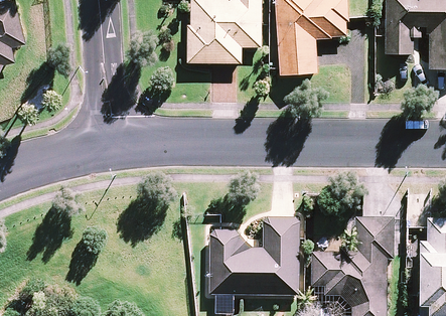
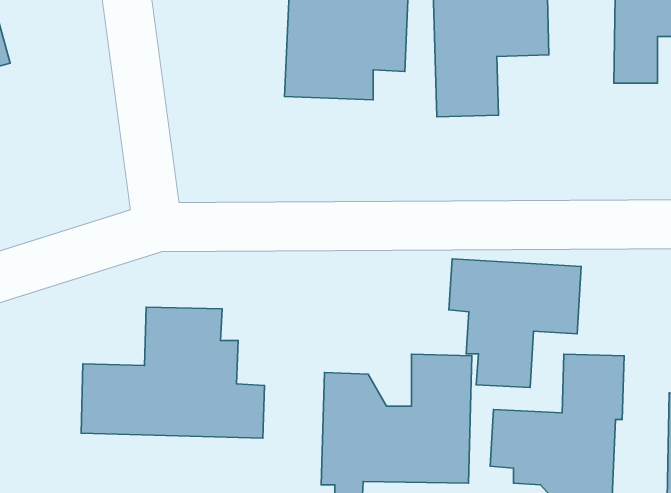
building: none -> [449,259,581,388]
building: none -> [81,307,265,438]

